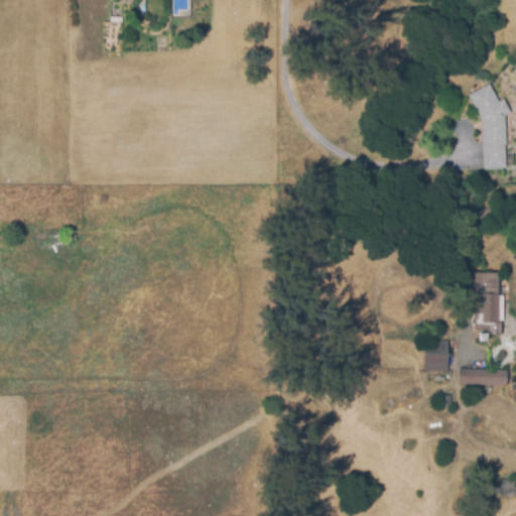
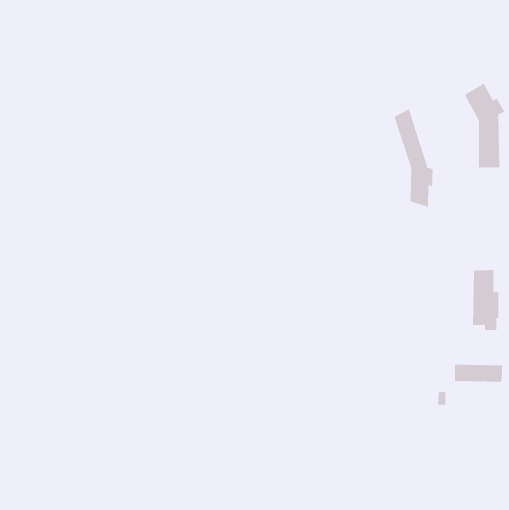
building: none -> [394,108,433,208]
building: [424,341,447,371] -> none

